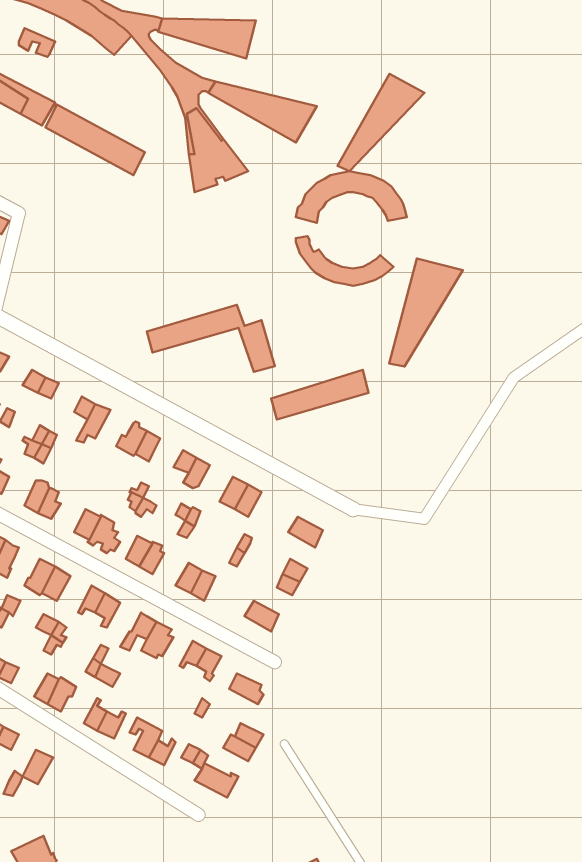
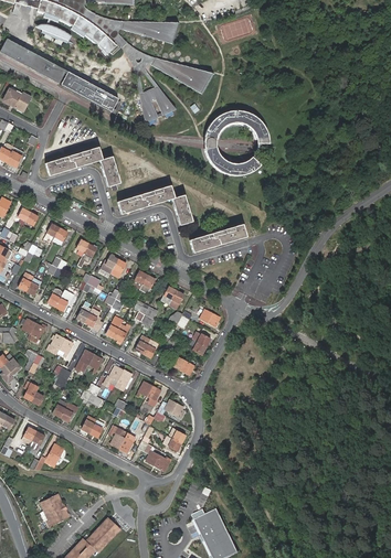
building: [338,74,425,171] -> none
building: none -> [45,148,120,186]
building: [389,259,463,366] -> none

